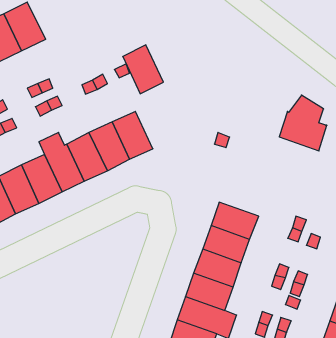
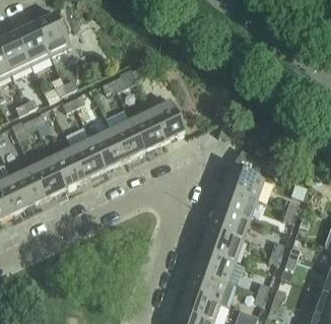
building: [123,45,163,94] -> [149,98,185,140]
building: [279,95,327,151] -> [222,150,264,199]

